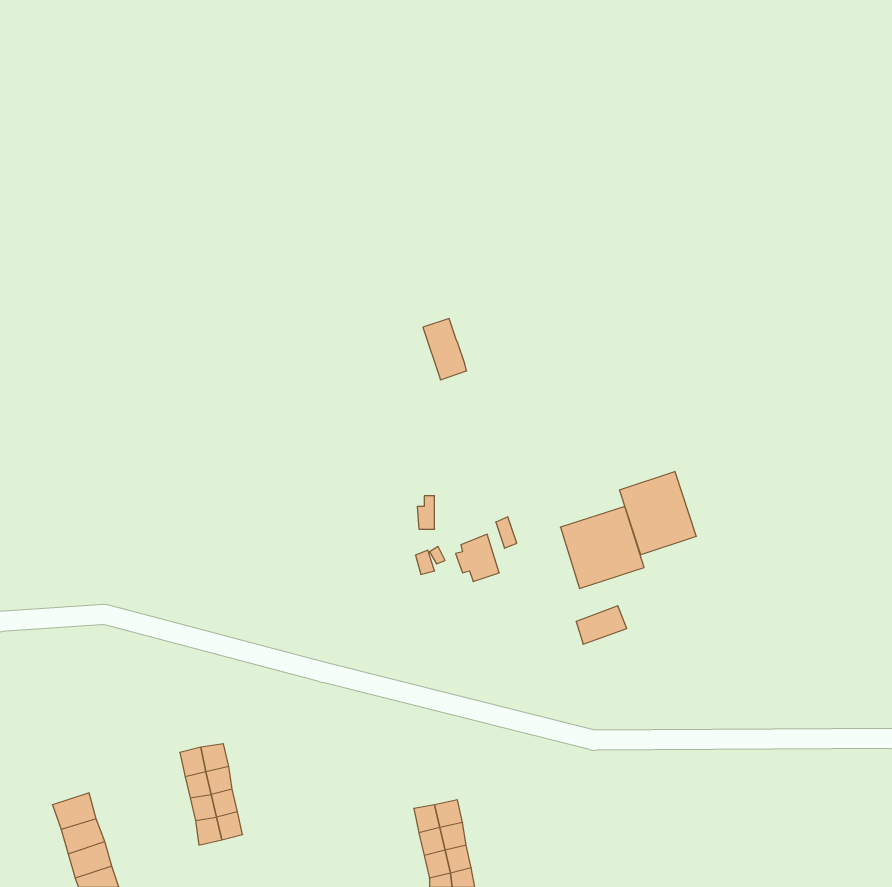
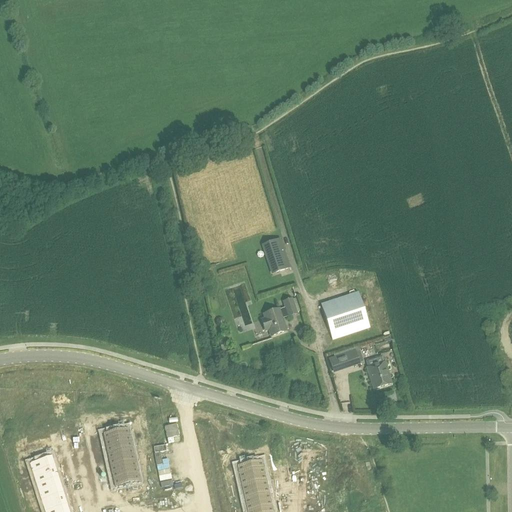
building: [423,319,467,380] -> [265,236,290,271]
building: [620,471,696,555] -> none
building: none -> [366,359,391,387]

